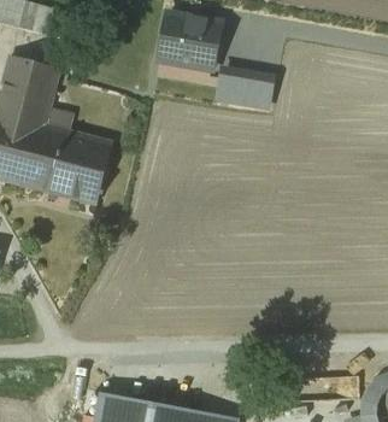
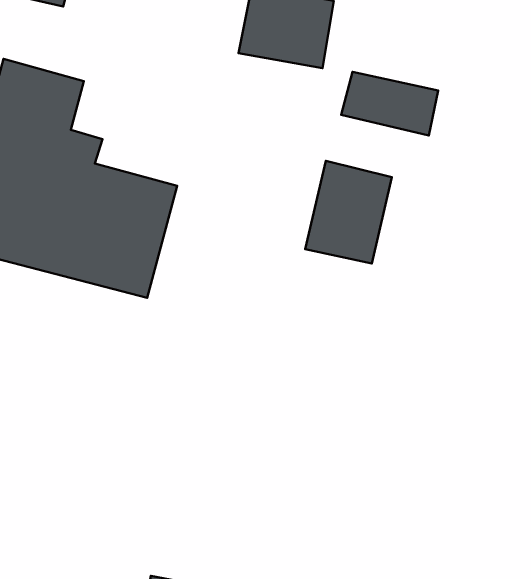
building: none -> [305,161,392,264]

